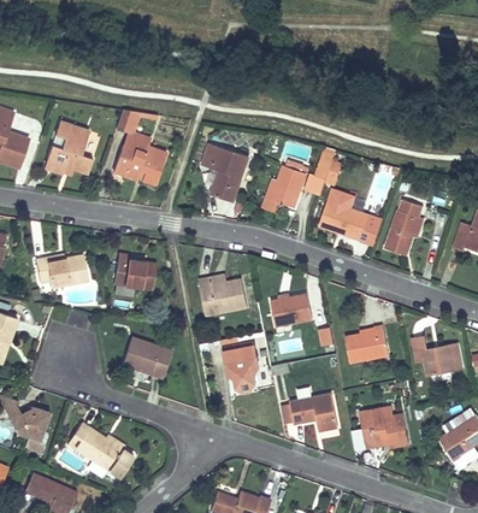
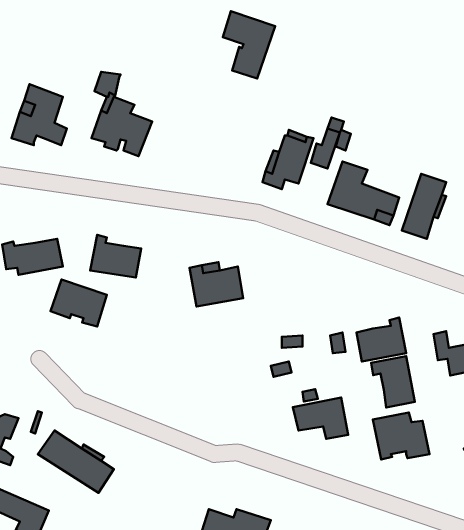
building: [202,142,248,201] -> [223,11,275,79]
building: [270,294,312,325] -> none
building: [122,337,171,378] -> [50,280,107,326]
building: [223,342,258,388] -> none
building: none -> [371,356,415,408]

